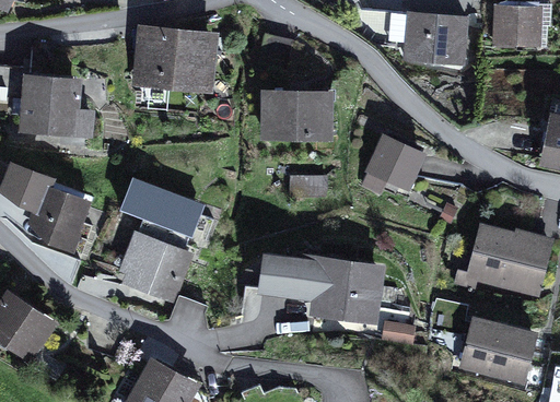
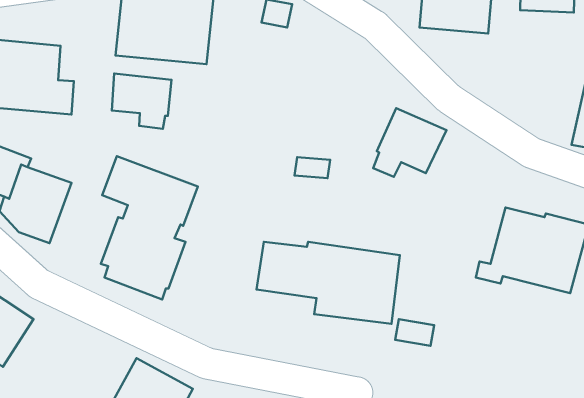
building: [259,88,334,141] -> none
building: none -> [112,74,171,129]
building: [458,316,537,386] -> none

